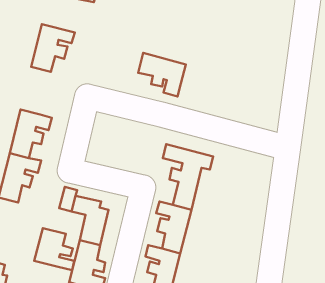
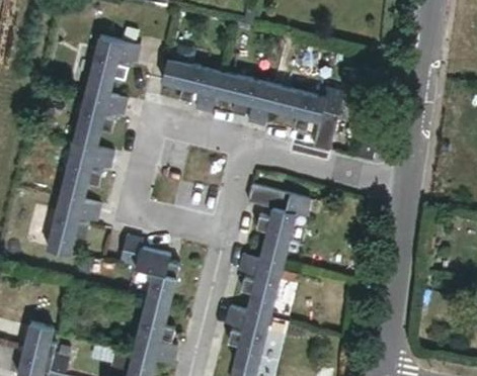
building: none -> [163,56,224,109]
building: none -> [270,84,345,151]
building: none -> [73,87,126,146]
building: [34,228,74,270] -> none

